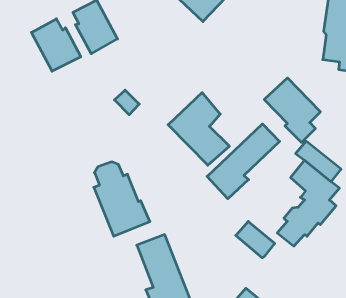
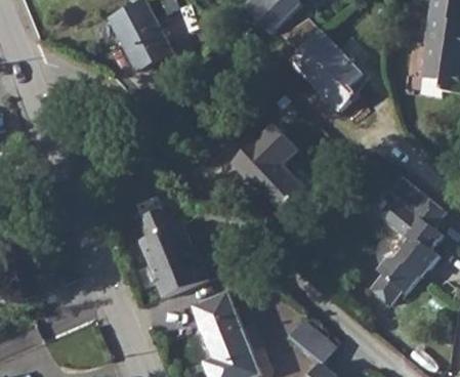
building: [31,19,81,71] -> none
building: [264,78,320,142] -> [290,31,360,111]
building: [207,124,280,199] -> none
building: [236,221,275,258] -> [290,318,338,363]

